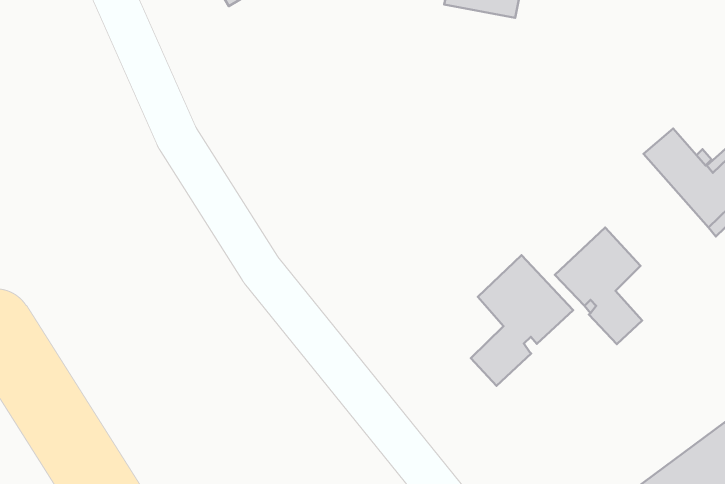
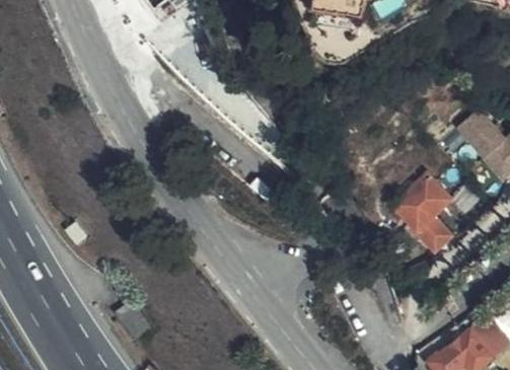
building: [471,255,573,386] -> none

